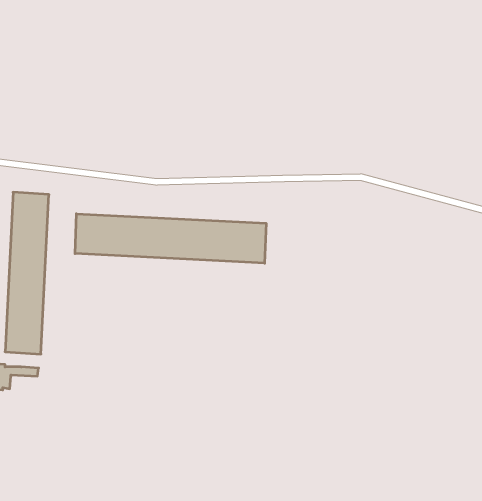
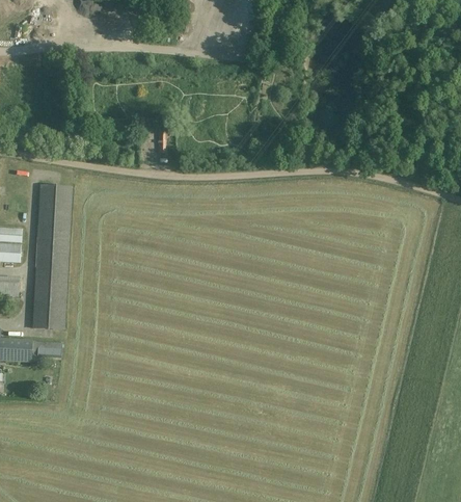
building: [75,214,266,263] -> none

